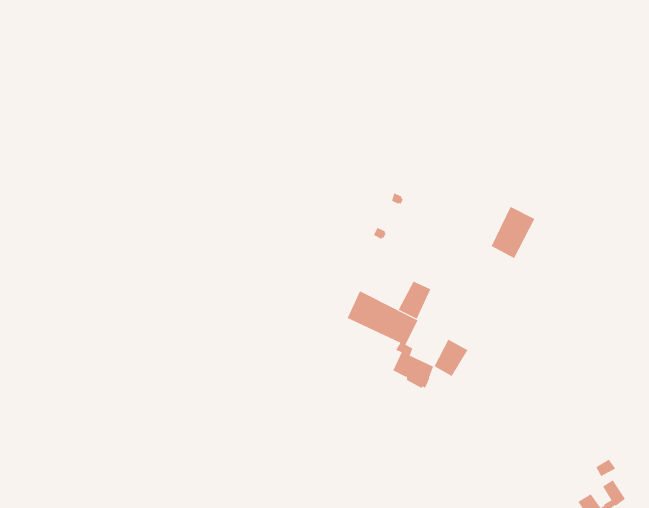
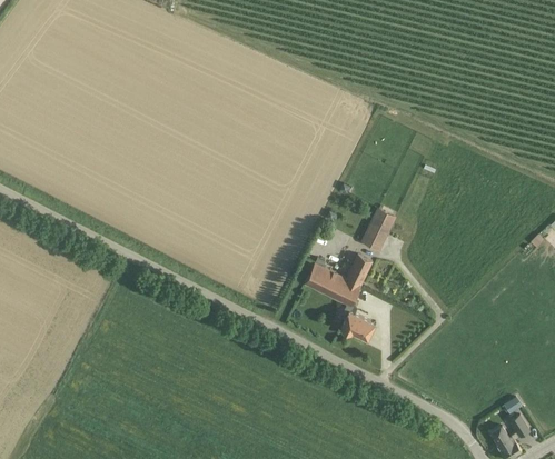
building: [491,206,535,259] -> [360,206,396,248]
building: [434,339,468,377] -> none

